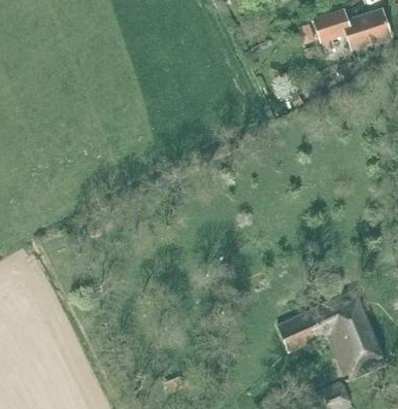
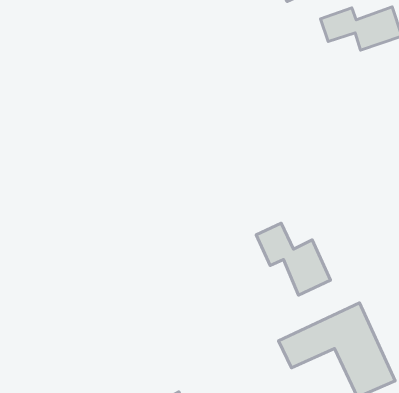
building: none -> [256,223,331,295]

